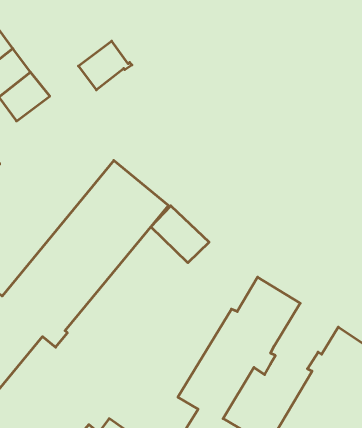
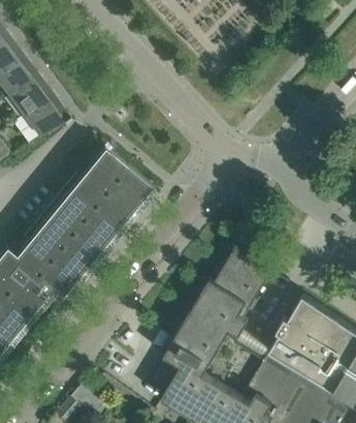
building: [78,41,132,90] -> [23,93,69,135]
building: [151,206,209,263] -> none

